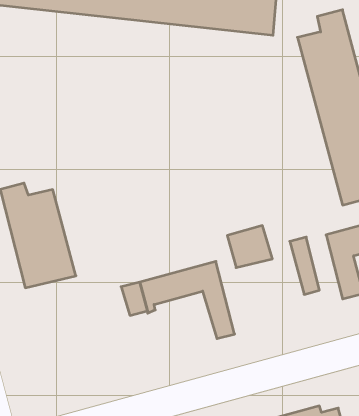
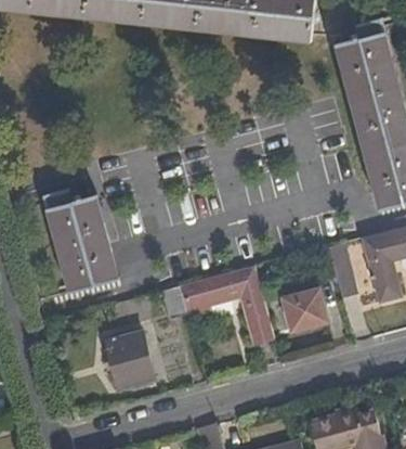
building: [227,226,272,268] -> [284,288,328,330]
building: none -> [106,332,155,388]

